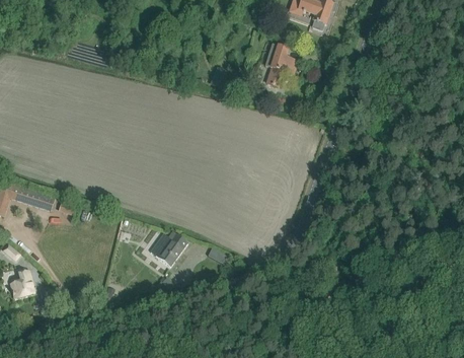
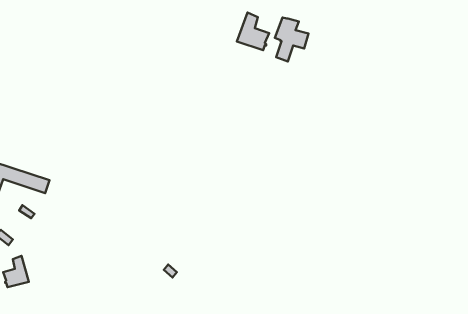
building: none -> [237,13,269,50]
building: [155,231,186,266] -> none

